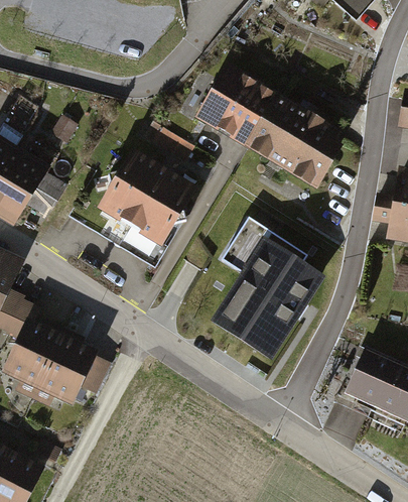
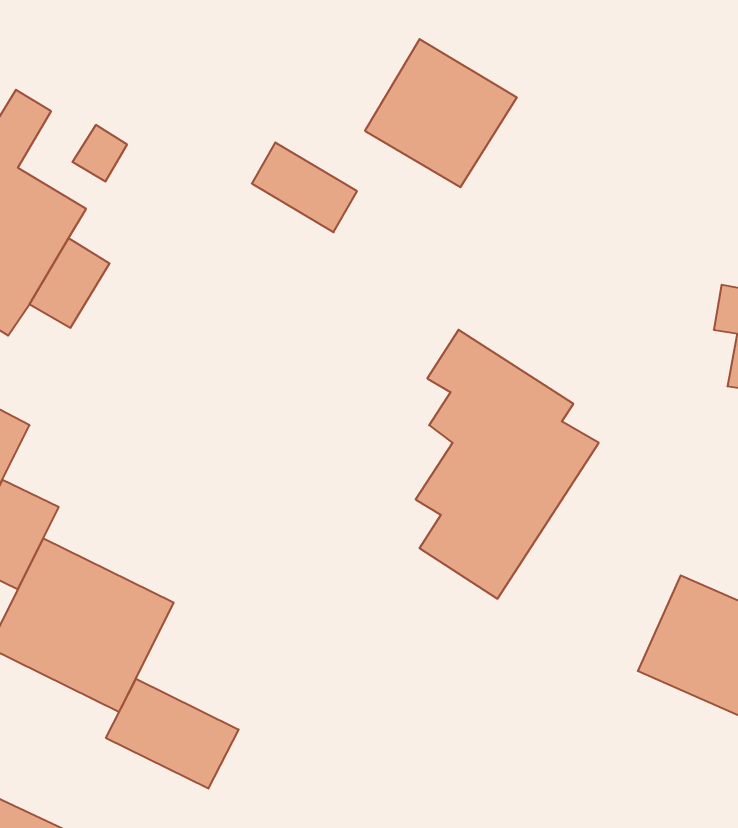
building: [249,96,332,183] -> none
building: [101,151,192,239] -> none
building: none -> [106,679,239,789]

